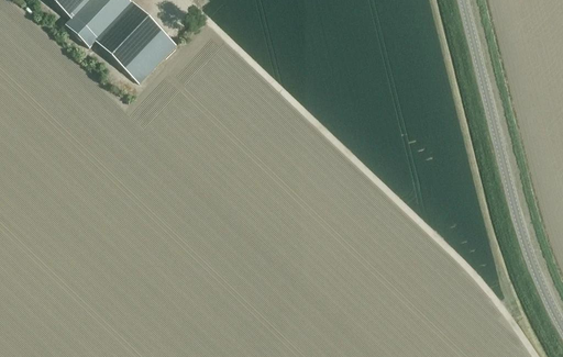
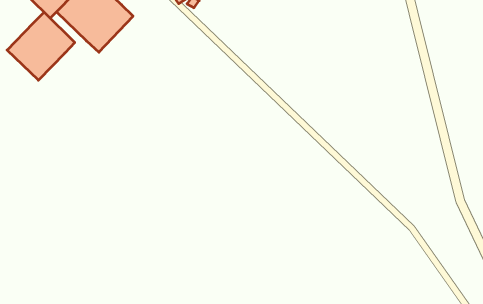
building: none -> [7,12,75,80]

